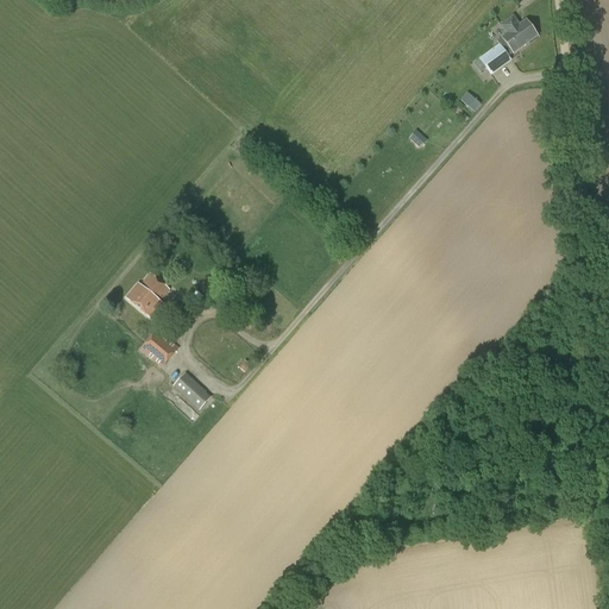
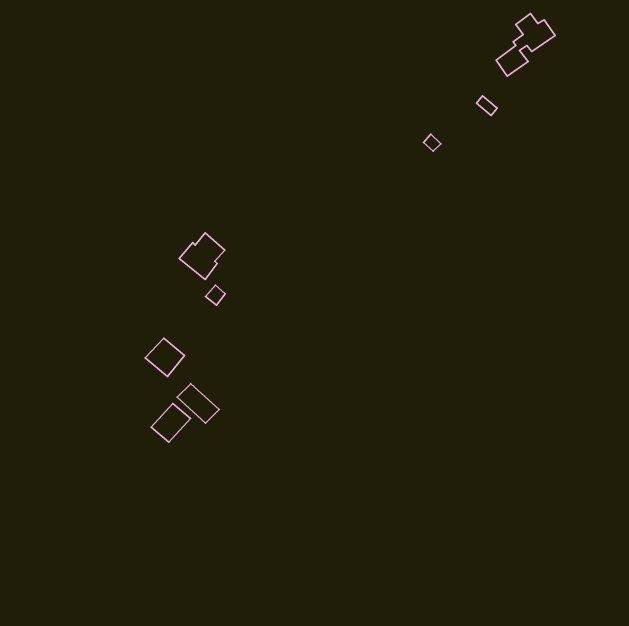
building: [126,271,170,316] -> [179,233,225,280]
building: none -> [151,404,190,442]

